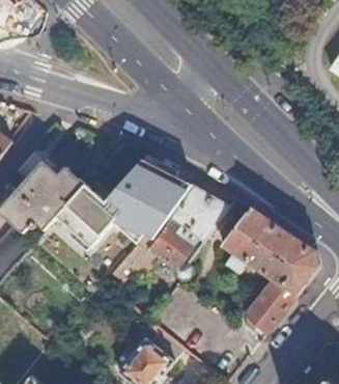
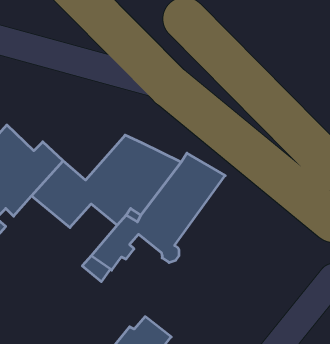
building: [222,208,319,333] -> none

